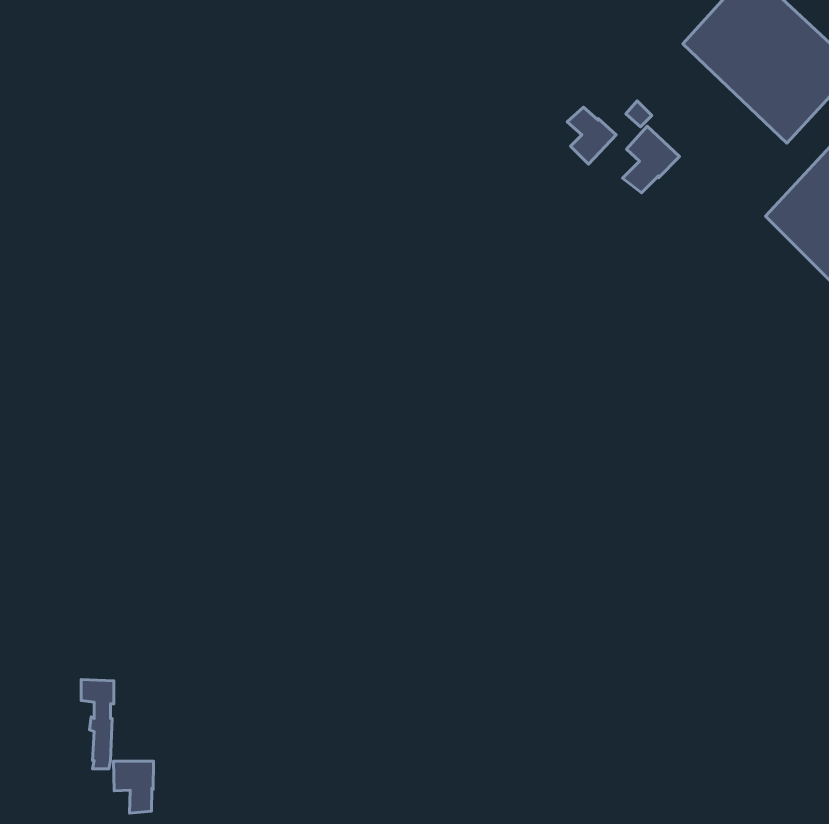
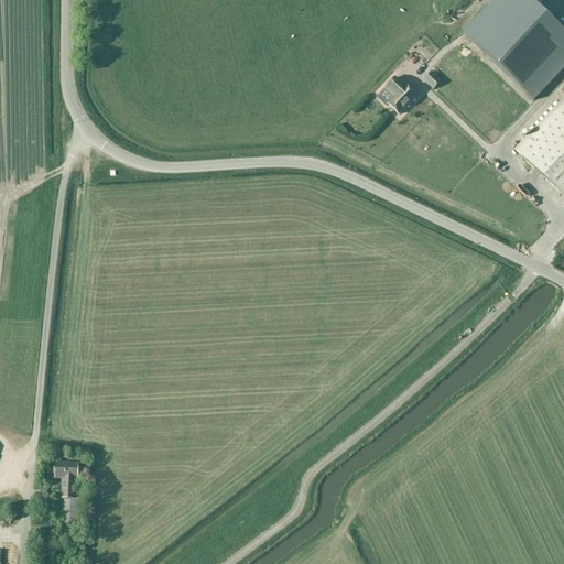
building: [623,126,679,193] -> none
building: [113,761,154,813] -> none

